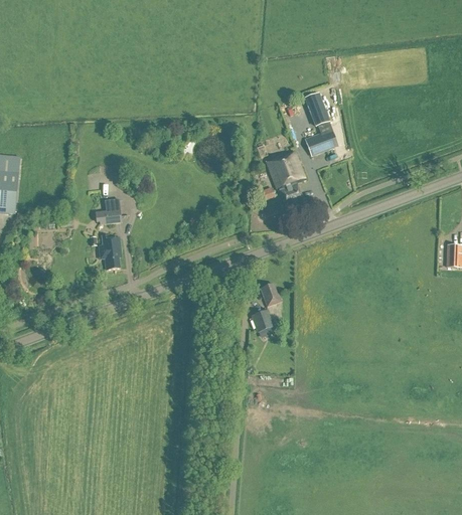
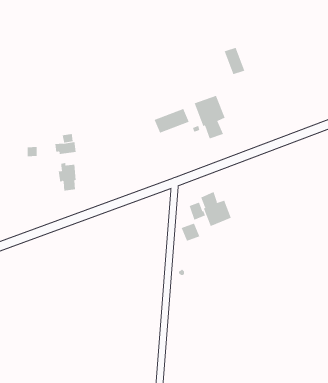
building: [306,121,338,155] -> none
building: none -> [154,108,189,134]
building: none -> [200,191,232,227]

